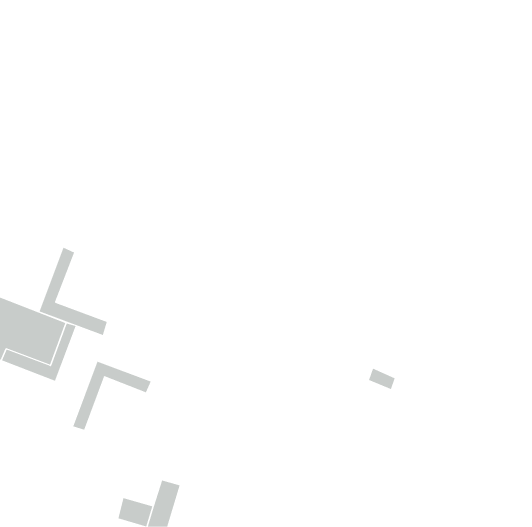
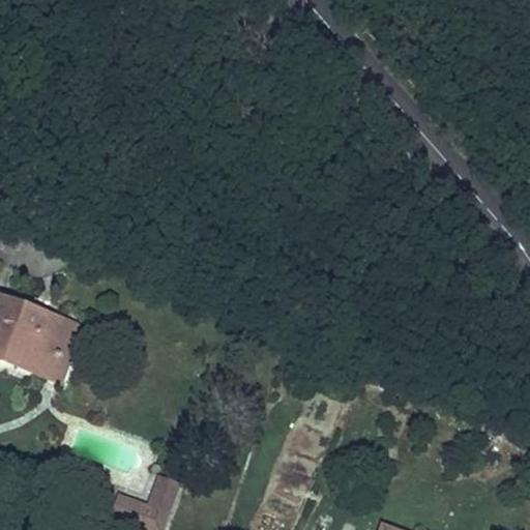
building: [39,247,108,336] -> none
building: [72,361,152,430] -> none

